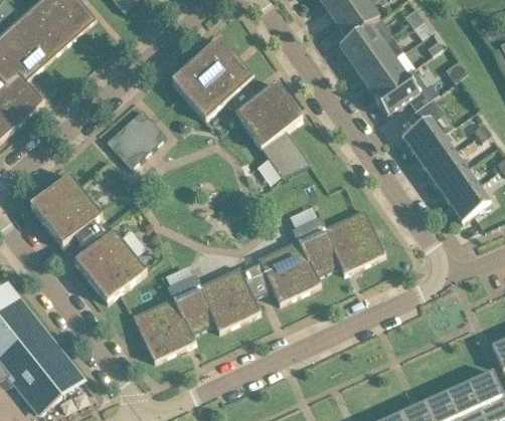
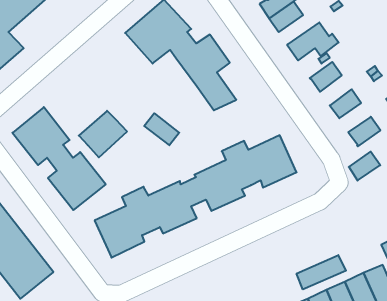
building: [363,51,414,94] -> none
building: [106,109,166,167] -> [79,111,127,157]
building: [414,134,454,171] -> none
building: [439,168,478,204] -> [349,152,380,181]
building: none -> [144,113,179,145]
building: none -> [297,255,346,289]

